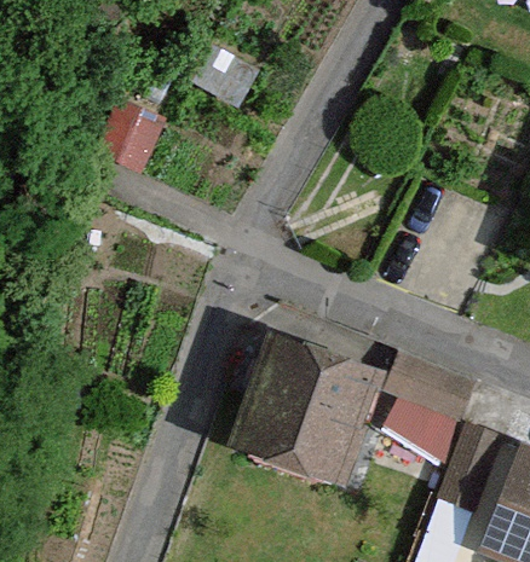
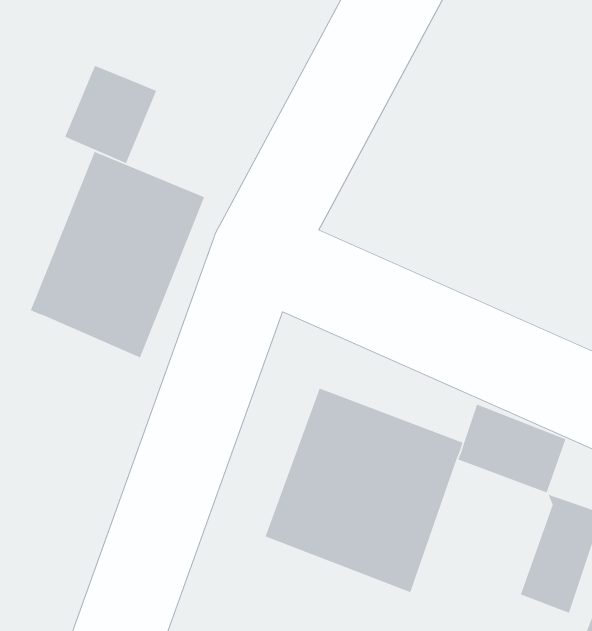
building: none -> [30,151,205,359]

